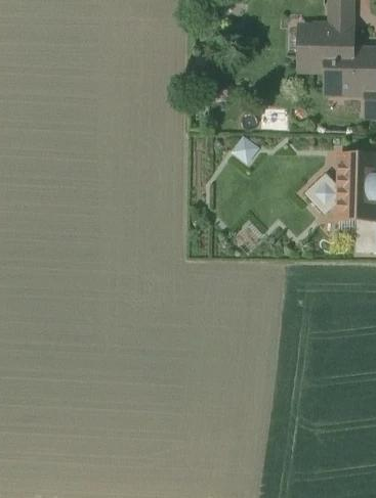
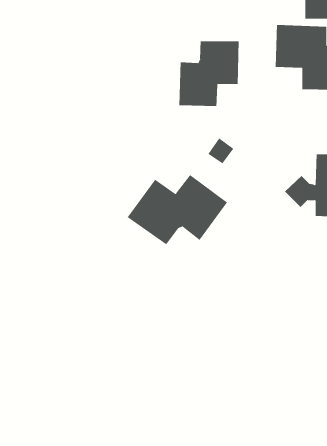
building: none -> [179,40,239,107]
building: none -> [127,174,228,245]

